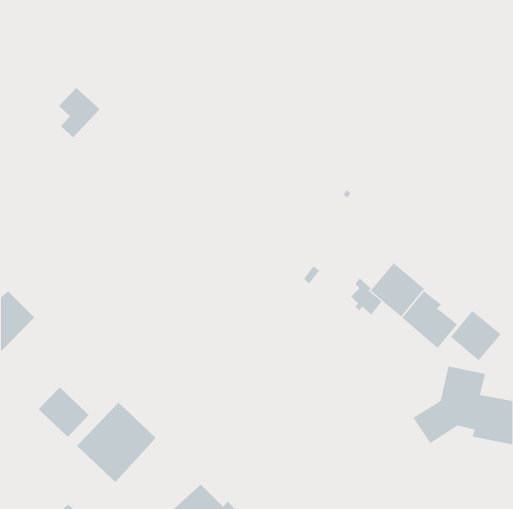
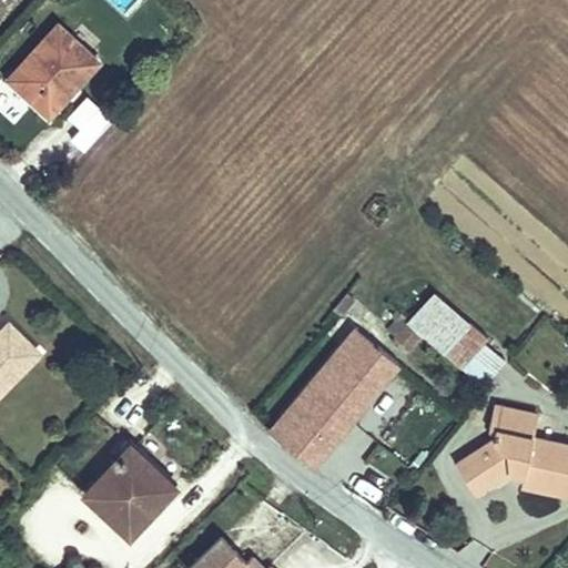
building: none -> [10,28,98,116]
building: none -> [271,331,399,468]
building: [450,310,501,361] -> none
building: [38,386,90,438] -> none

